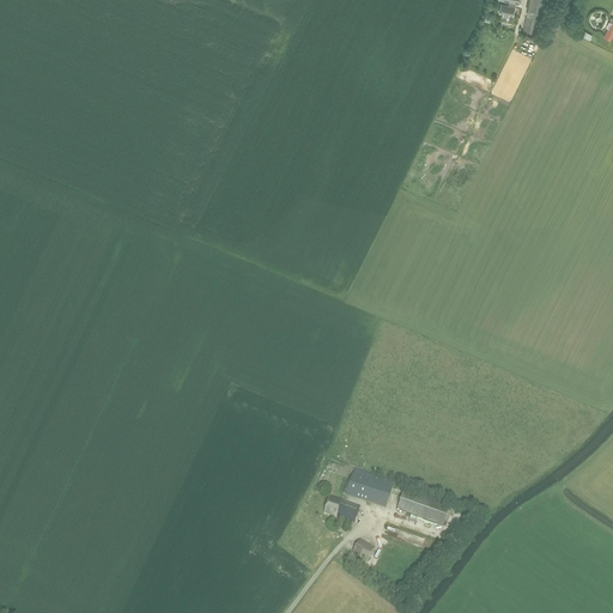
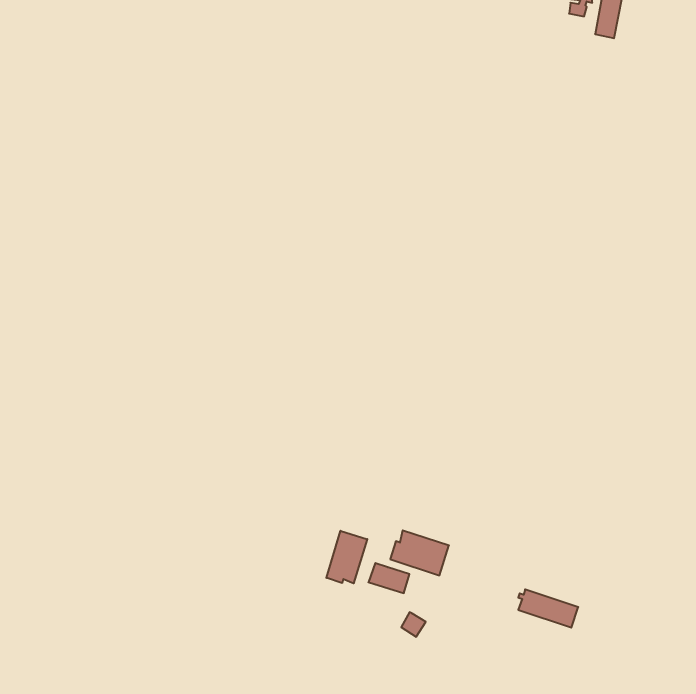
building: none -> [326,531,367,583]
building: [396,490,449,523] -> [518,589,578,628]

